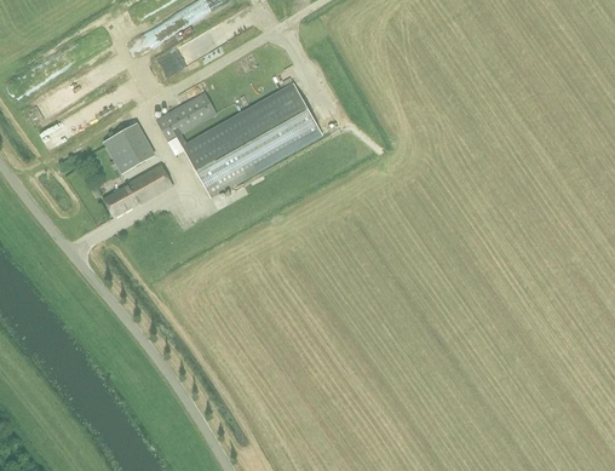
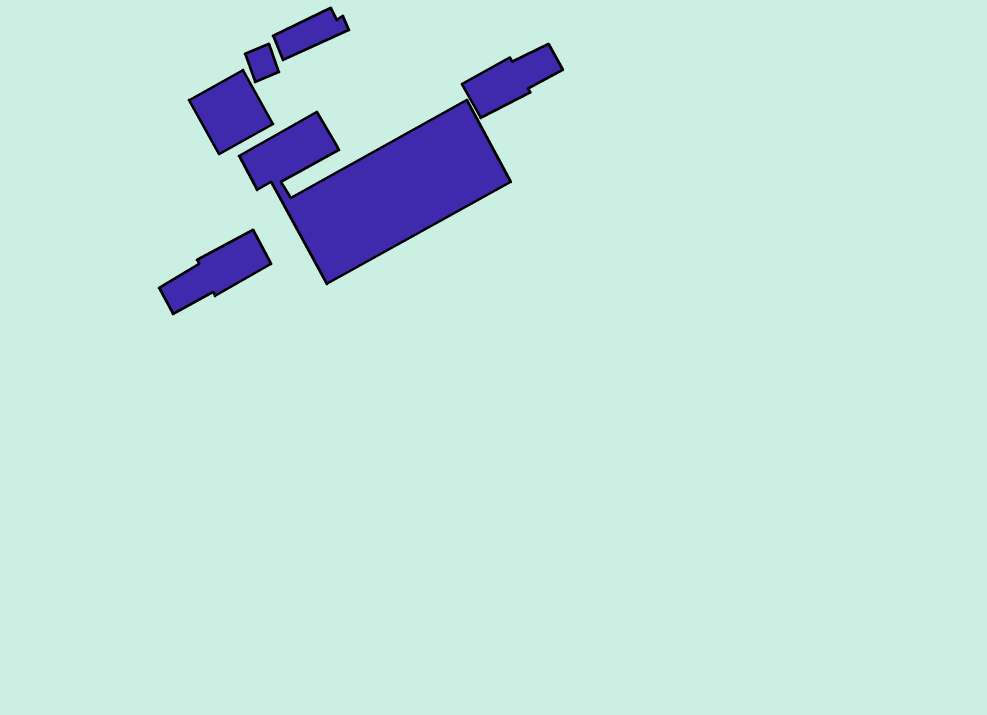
building: none -> [462,44,563,118]
building: [103,121,154,172] -> [189,70,273,154]

